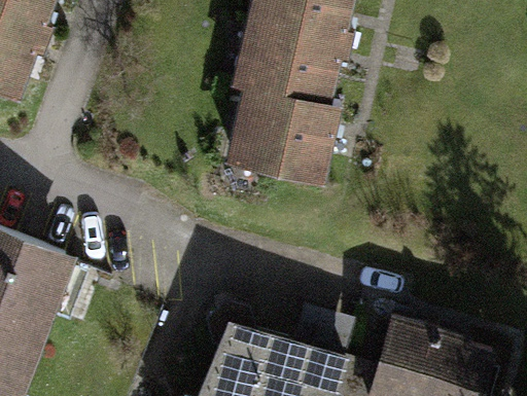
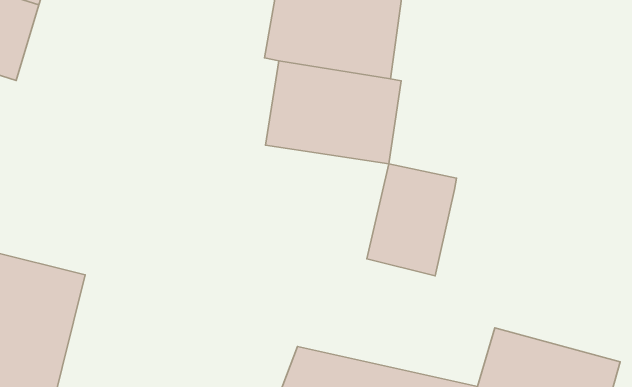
building: none -> [367,164,456,276]

